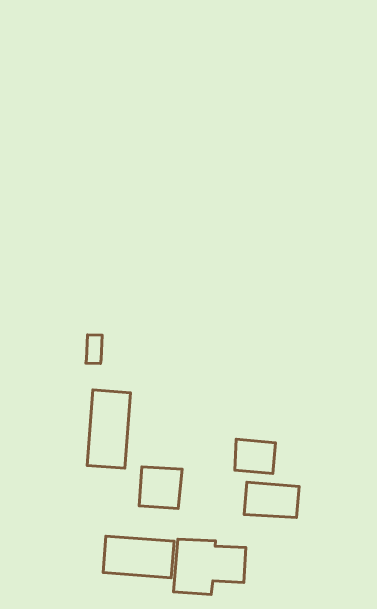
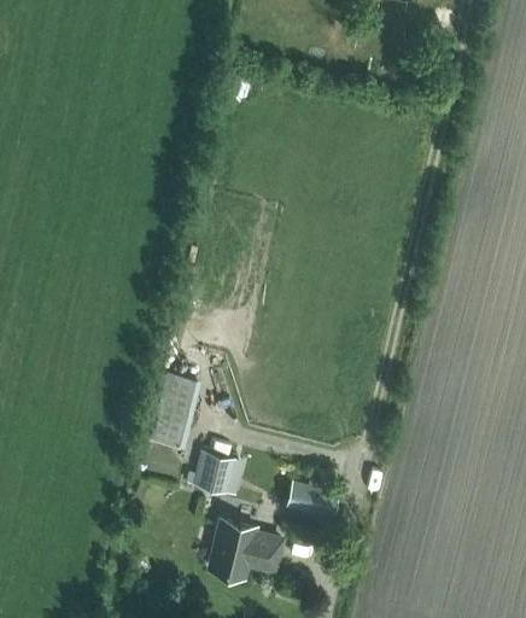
building: [235,439,275,473] -> none
building: [103,536,174,578] -> none

